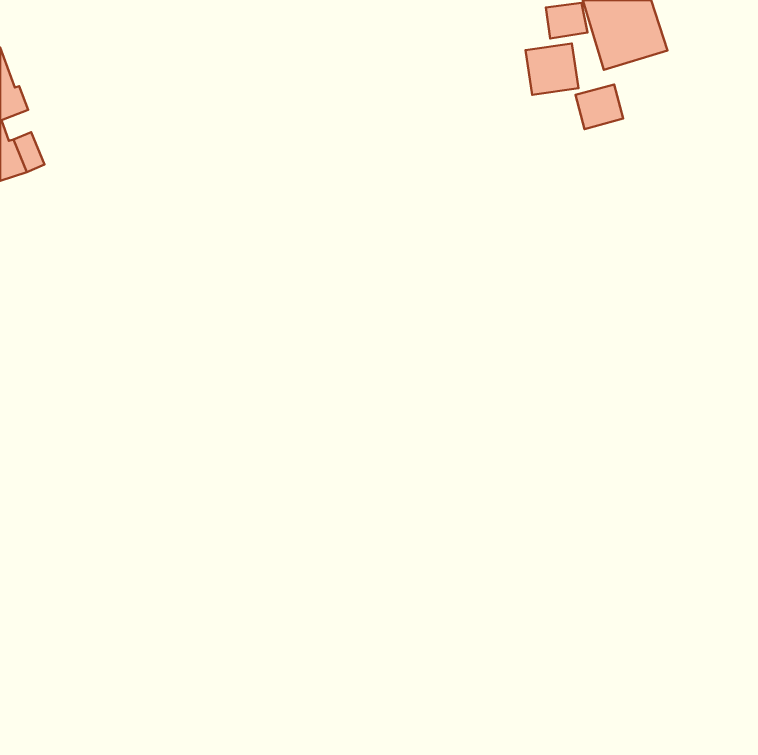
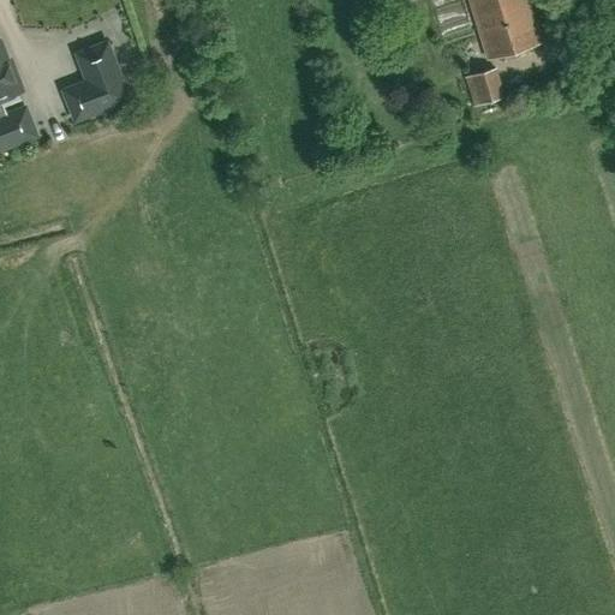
building: [525,44,578,95] -> none
building: none -> [55,38,129,123]

